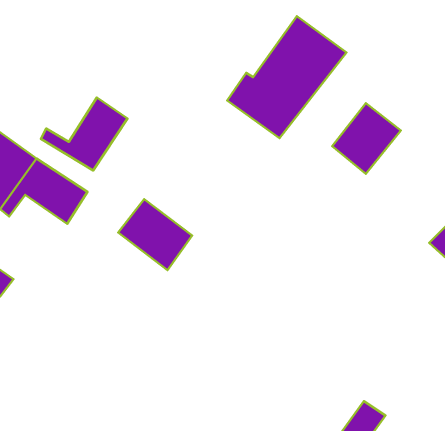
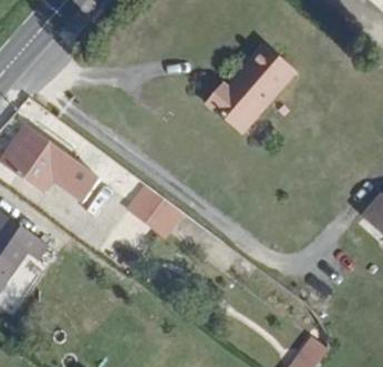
building: [41,98,127,170] -> none
building: [332,103,401,174] -> none

